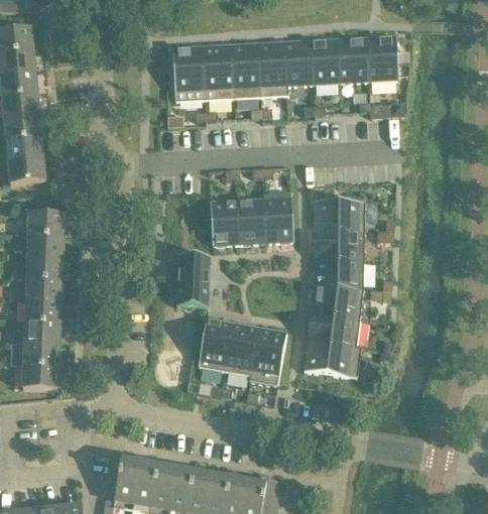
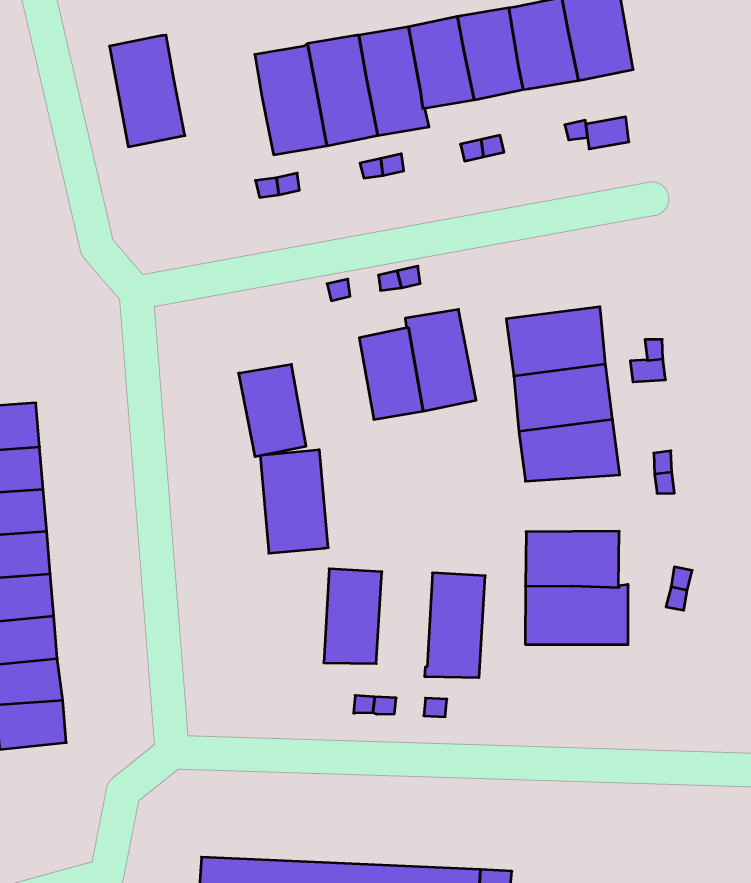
building: [171,45,205,101] -> [109,35,185,147]
building: [209,200,239,245] -> [238,364,306,457]
building: [311,285,363,317] -> none
building: [224,323,259,375] -> none

